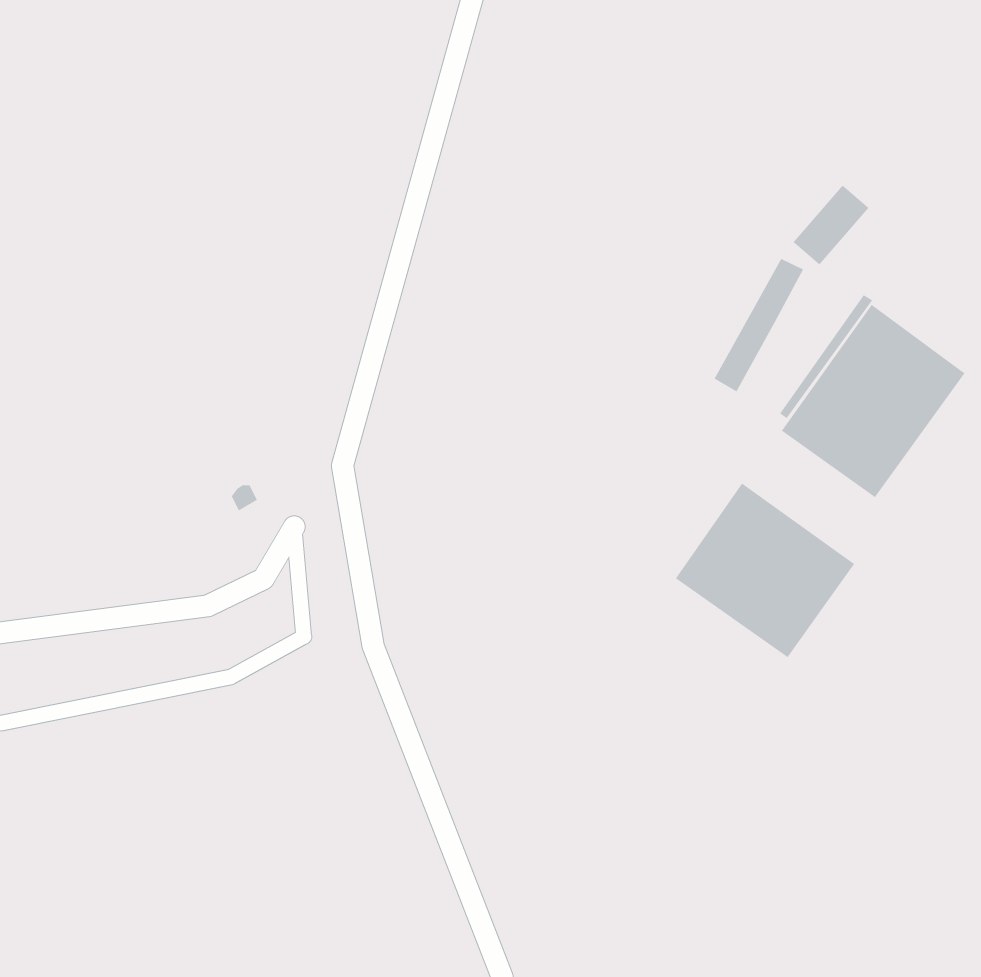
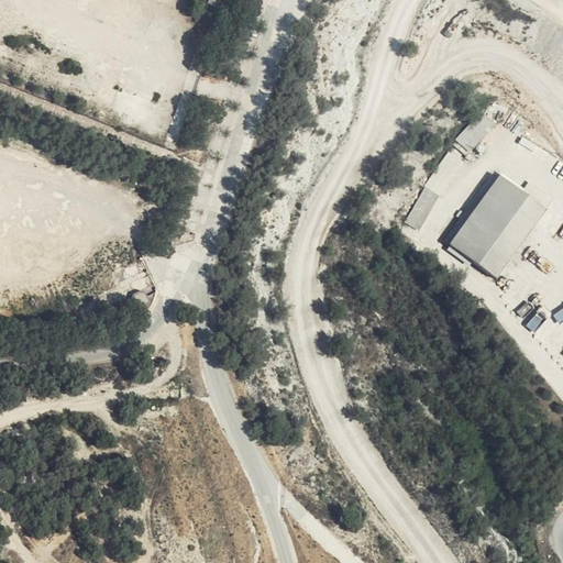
building: [675,483,855,658] -> none

